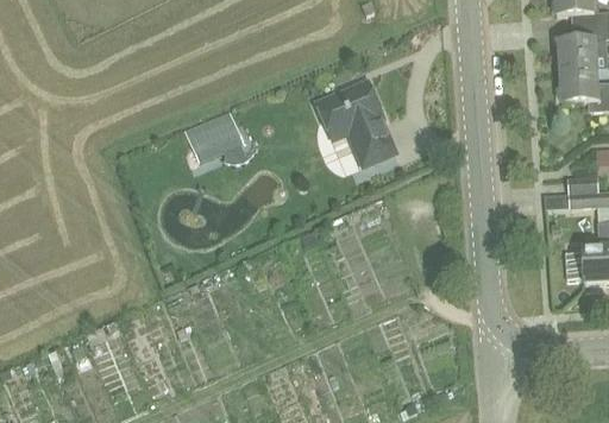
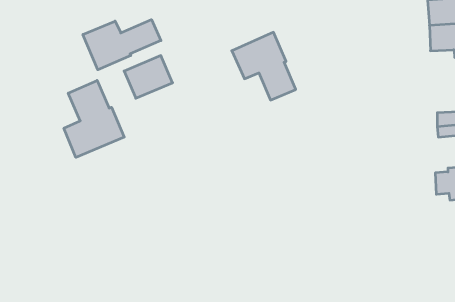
building: none -> [83,20,161,70]
building: none -> [64,80,124,157]

